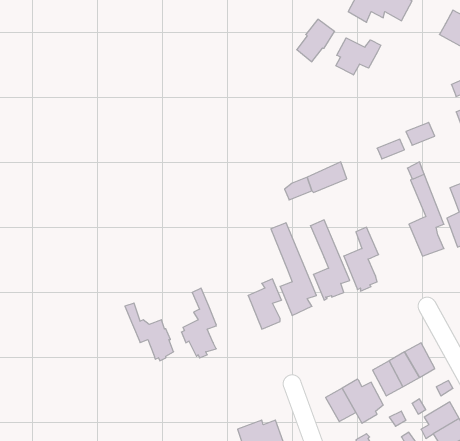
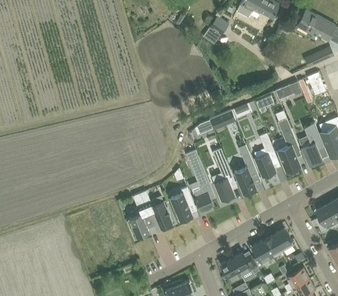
building: [336,38,381,75] -> none
building: none -> [254,133,276,178]
building: [125,303,174,361] -> [139,191,171,229]

